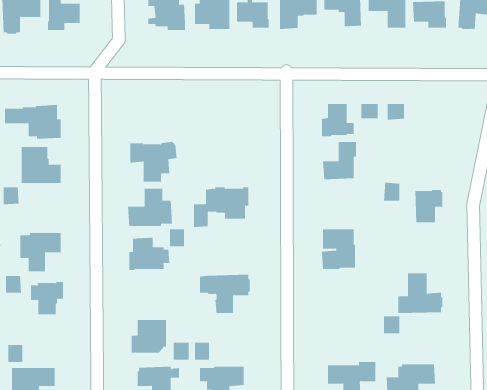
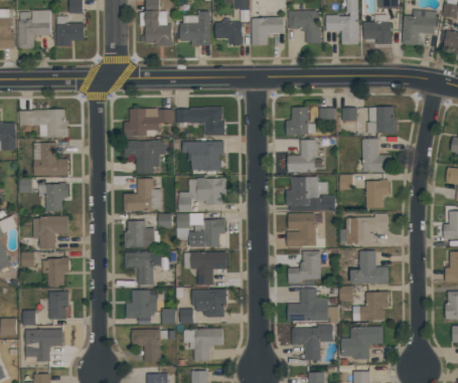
building: none -> [366,107,397,134]
building: none -> [176,108,224,136]
building: none -> [124,109,171,137]
building: none -> [361,139,391,173]
building: none -> [182,142,223,171]
building: none -> [286,177,335,212]
building: none -> [45,183,67,211]
building: none -> [175,213,224,247]
building: none -> [339,213,388,245]
building: none -> [288,251,320,282]
building: none -> [124,252,161,286]
building: none -> [287,289,338,324]
building: none -> [191,290,226,318]
building: none -> [48,292,68,319]
building: none -> [352,292,389,321]

